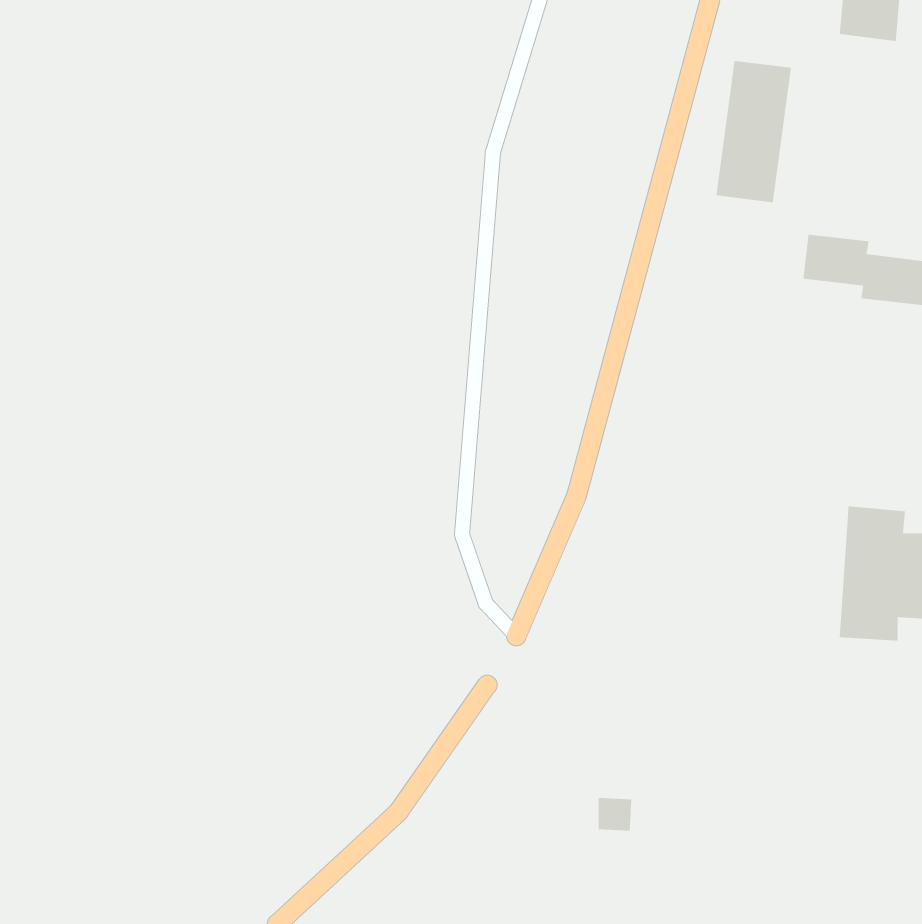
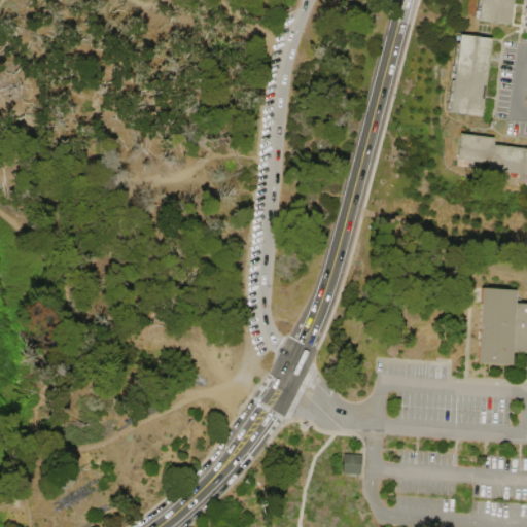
building: [716,60,792,203] -> [450,34,493,115]

